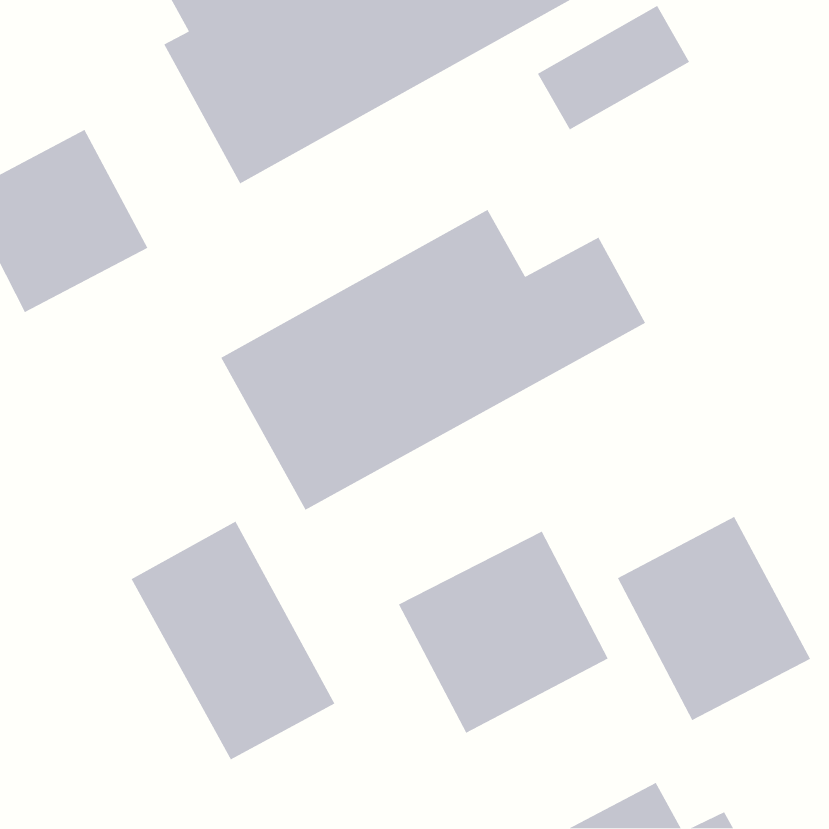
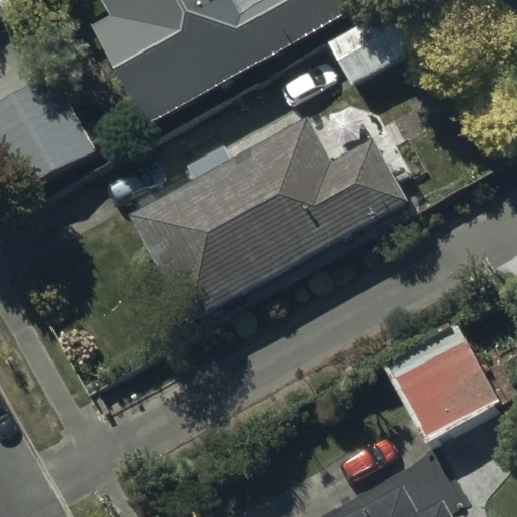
building: [131,520,335,761] -> none
building: [398,530,609,734] -> none

